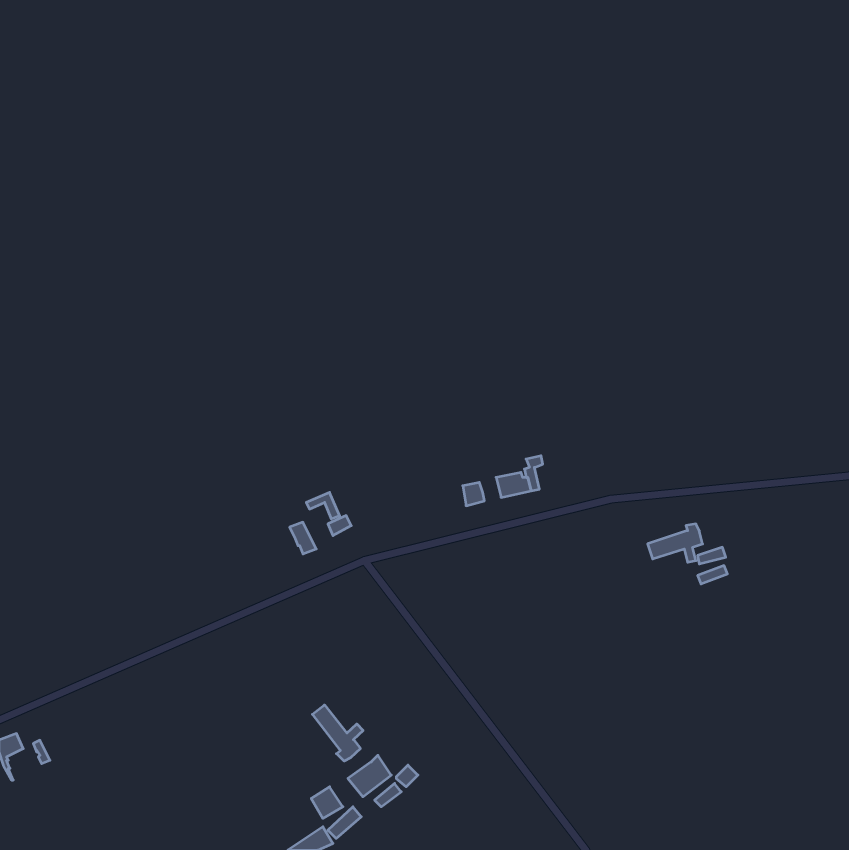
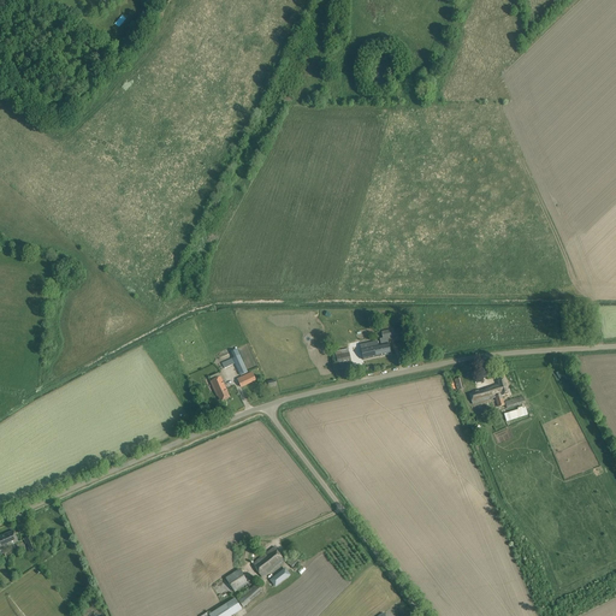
building: [312,705,363,761] -> none

